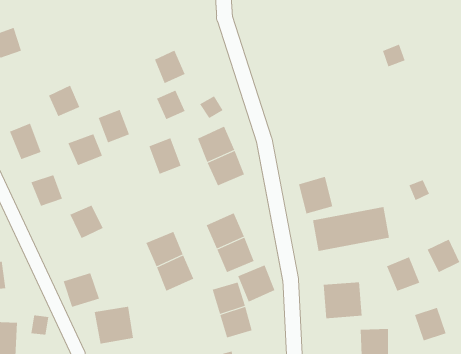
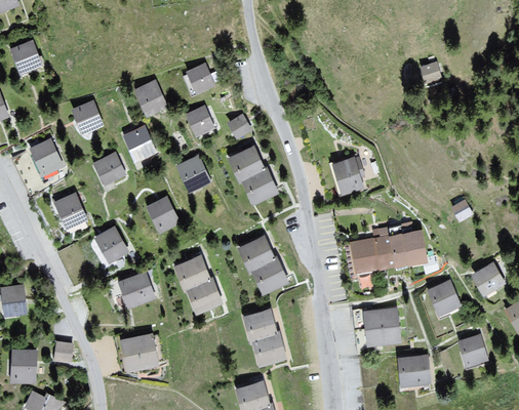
building: none -> [133,81,167,118]
building: none -> [147,195,182,234]
building: [298,176,333,214] -> [328,156,365,196]
building: [237,264,275,303] -> none
building: [63,273,100,308] -> [118,272,157,309]

